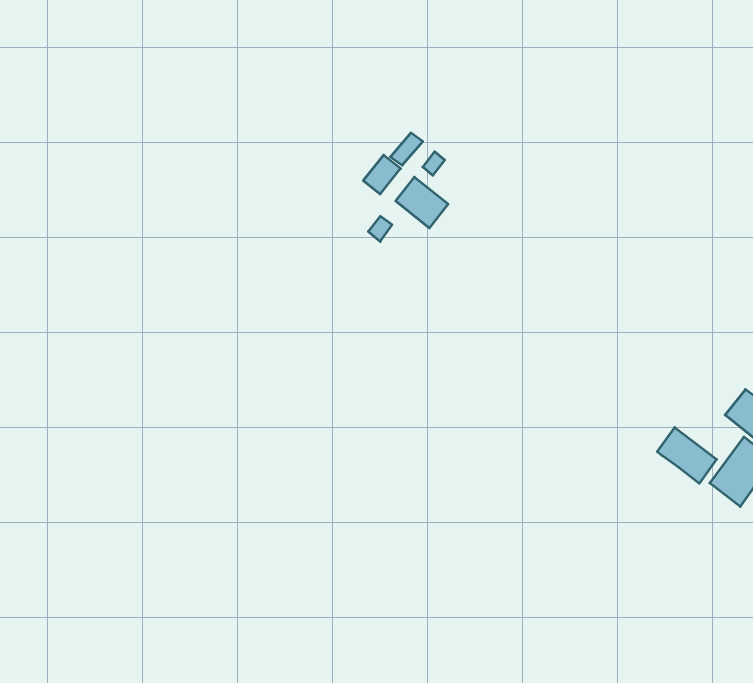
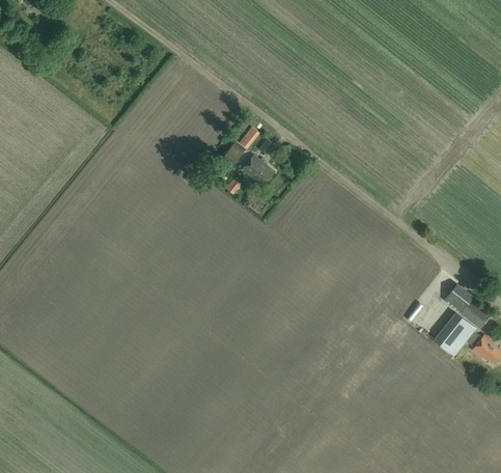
building: [657,427,717,483] -> none

